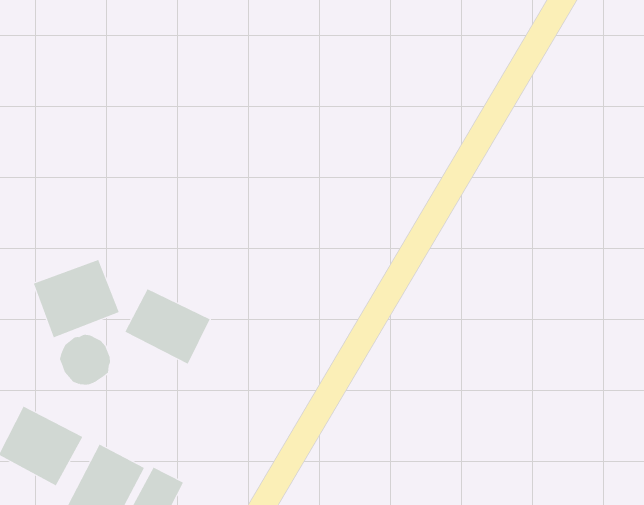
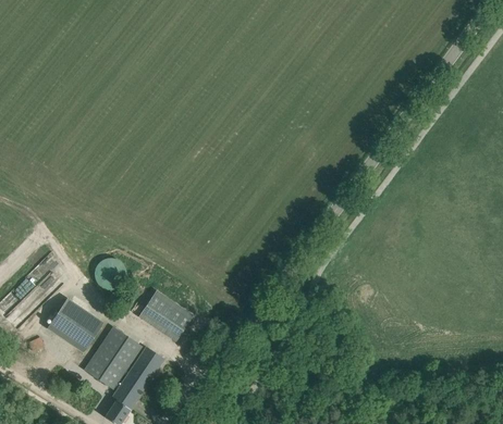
building: [33,259,120,338] -> none
building: [125,288,210,364] -> [138,289,194,340]

